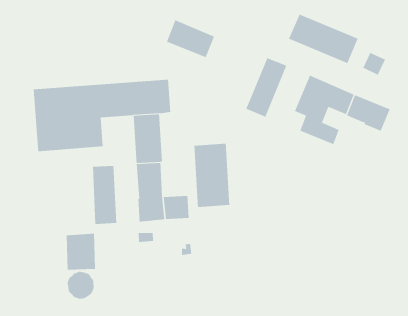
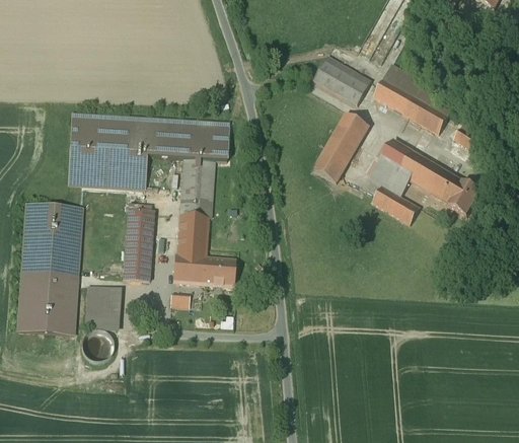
building: [166,20,215,58] -> [314,55,371,103]
building: [194,143,230,208] -> none
building: none -> [17,205,82,336]

